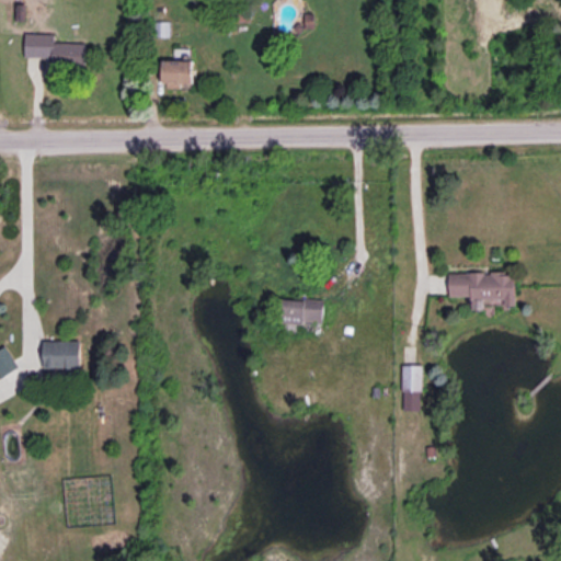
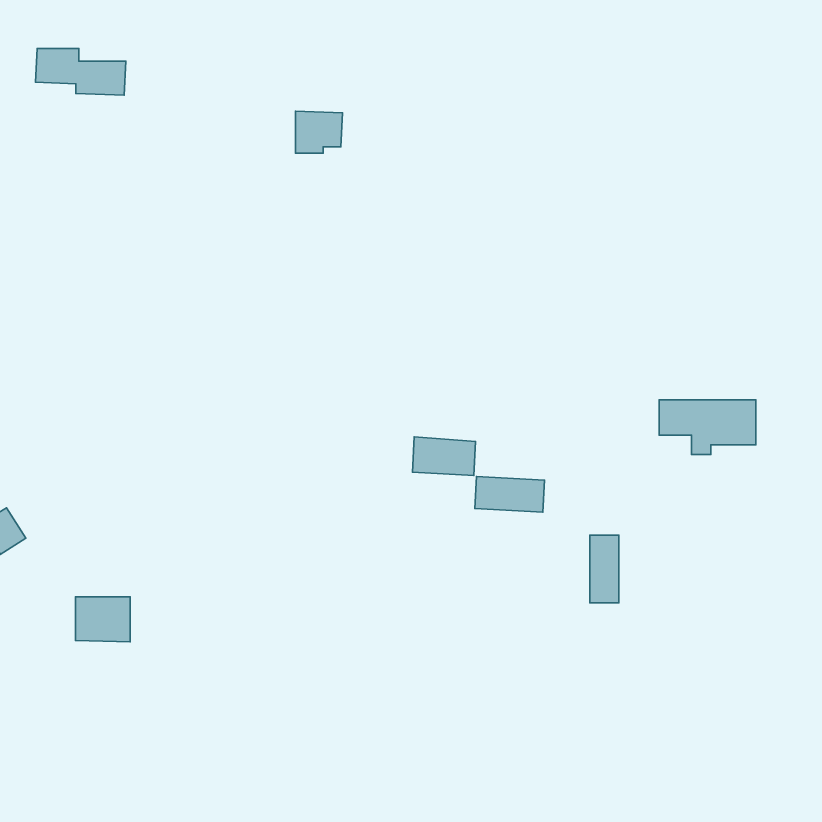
building: [161,60,193,89] -> [296,111,342,153]
building: none -> [475,477,545,512]
building: [43,341,80,371] -> [75,597,130,642]

